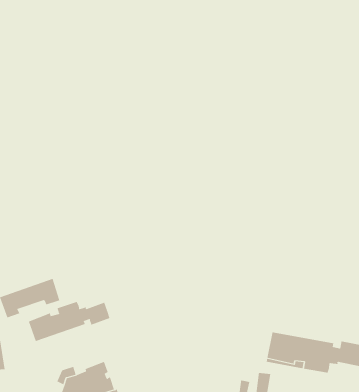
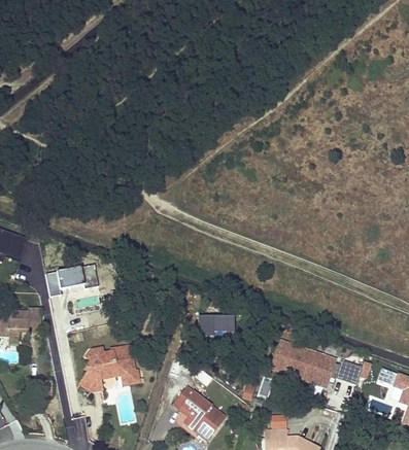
building: [28,301,110,342] -> none
building: none -> [199,314,233,335]

